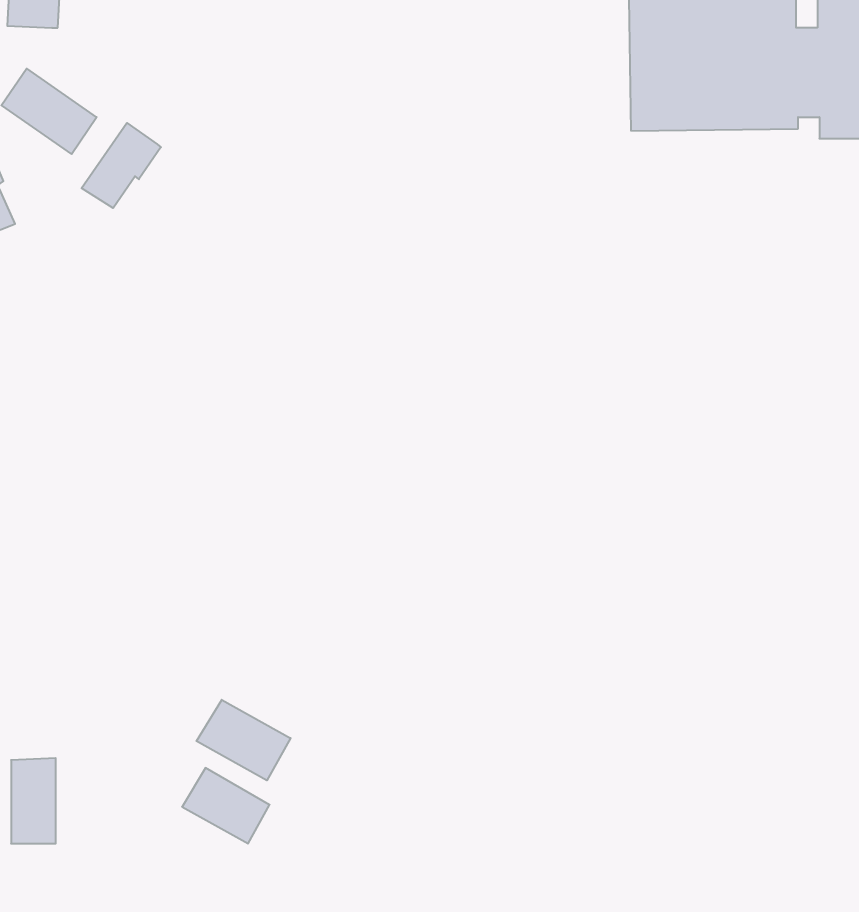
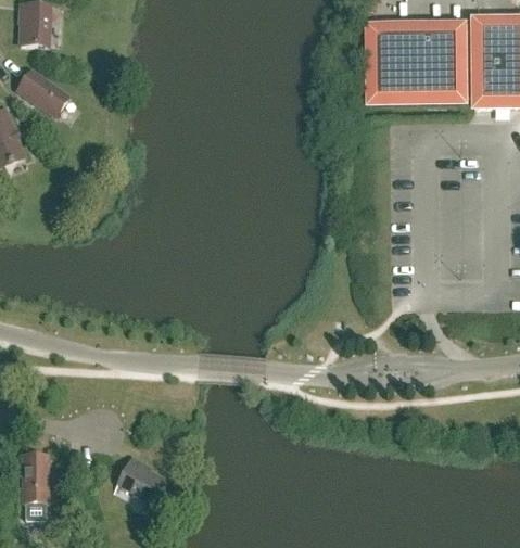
building: [82,123,161,208] -> none
building: [196,700,291,780] -> none

